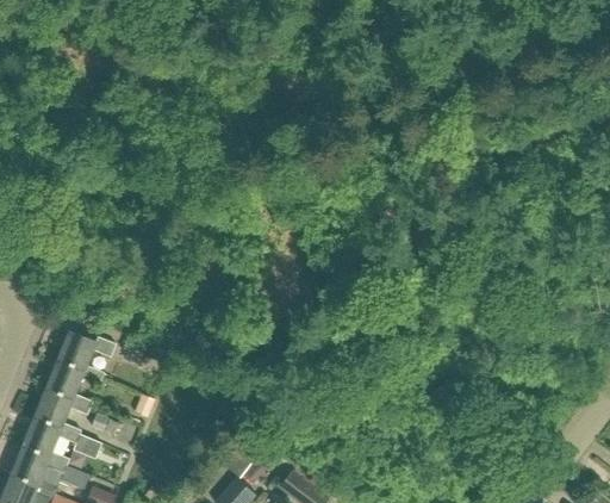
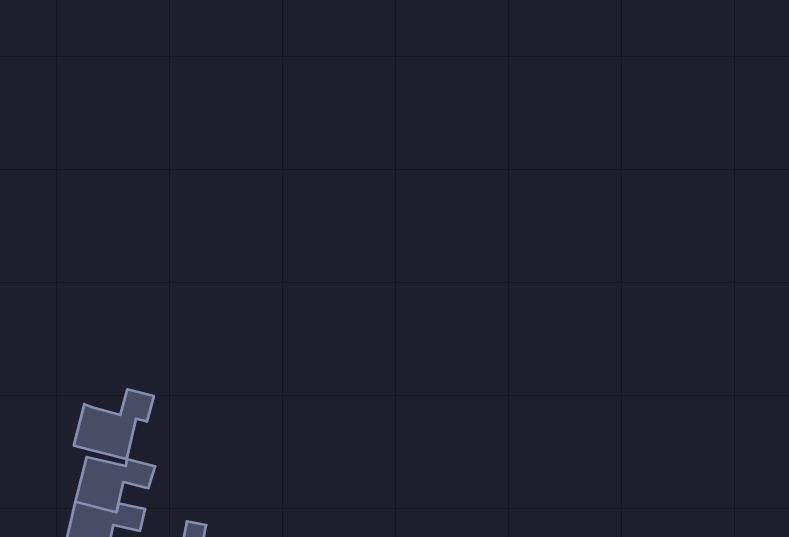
building: none -> [74,389,154,459]

